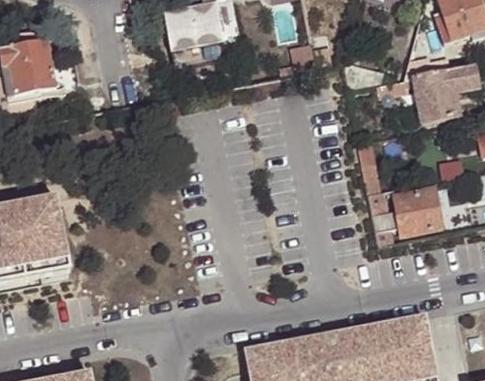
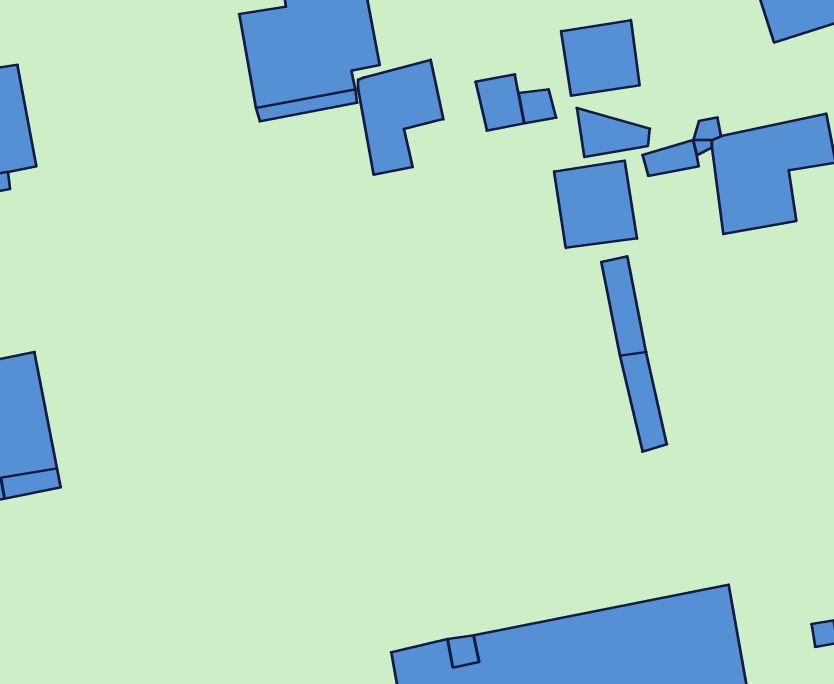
building: none -> [561,20,639,96]
building: none -> [358,60,443,175]
building: none -> [554,161,637,248]
building: [391,184,444,237] -> none

